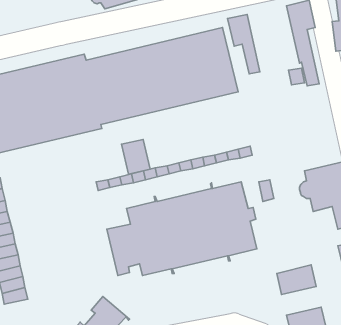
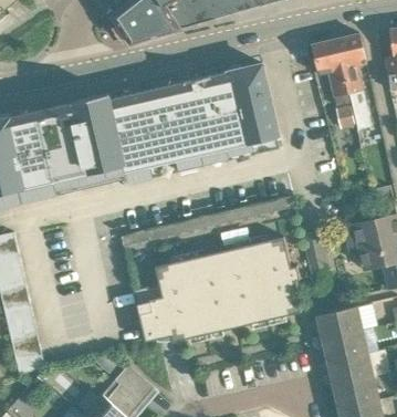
building: [227,15,260,74] -> [311,39,347,105]
building: [122,139,150,174] -> none
building: none -> [316,305,361,338]
building: none -> [327,353,372,385]

